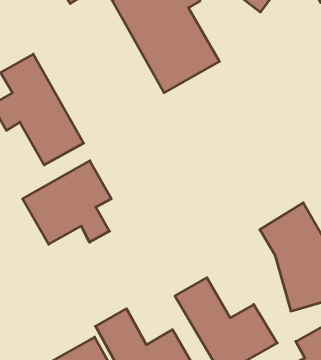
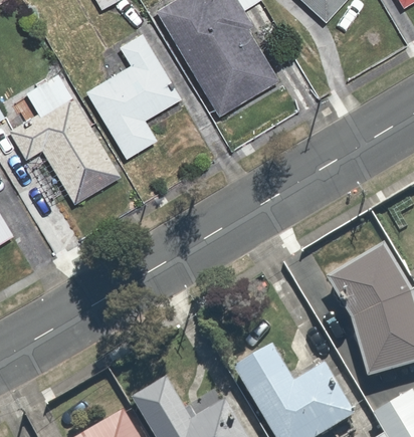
building: none -> [84,29,180,162]
building: [23,161,111,244] -> none

